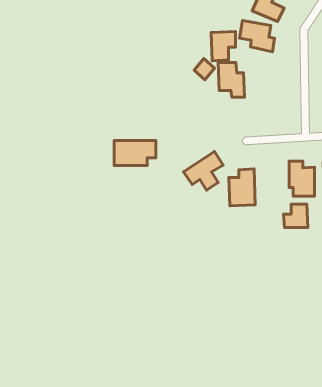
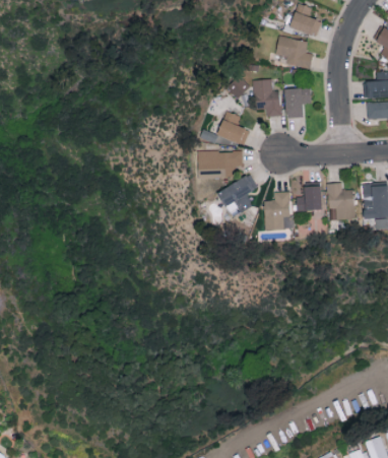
building: [211,32,235,61] -> [284,87,310,118]
building: none -> [216,111,249,145]
building: [114,140,156,166] -> [198,151,242,178]
building: [284,204,308,228] -> [296,186,321,210]

